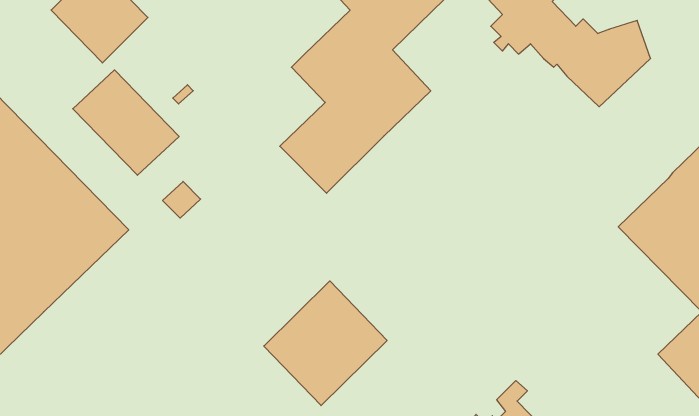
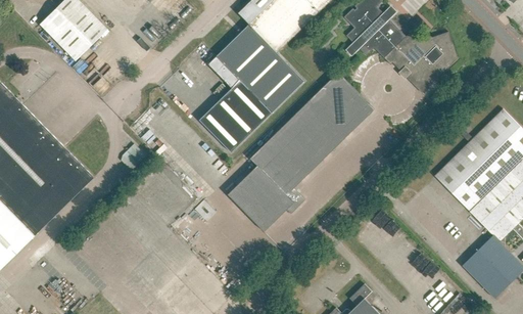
building: [73,70,179,175] -> none
building: none -> [227,72,373,231]
building: [264,281,387,406] -> none

